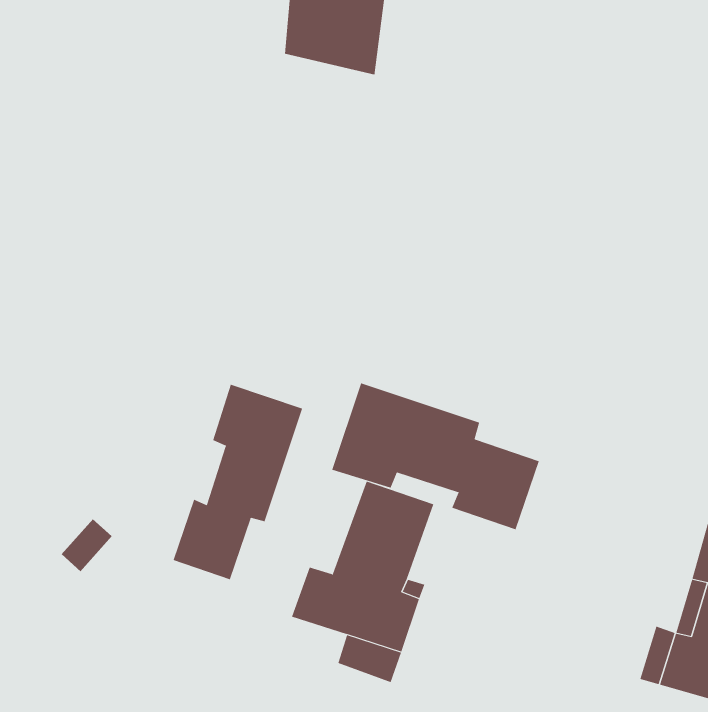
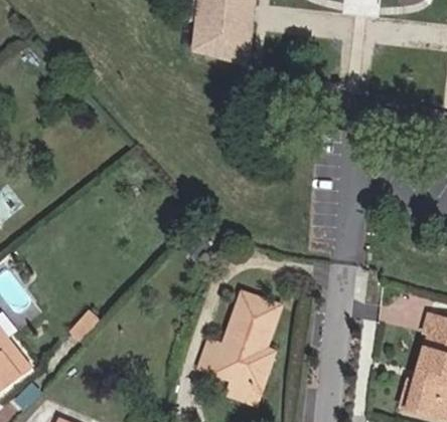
building: [332,383,539,530] -> none
building: [173,384,303,580] -> none

